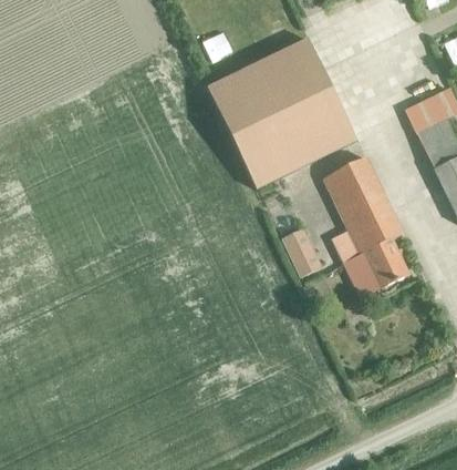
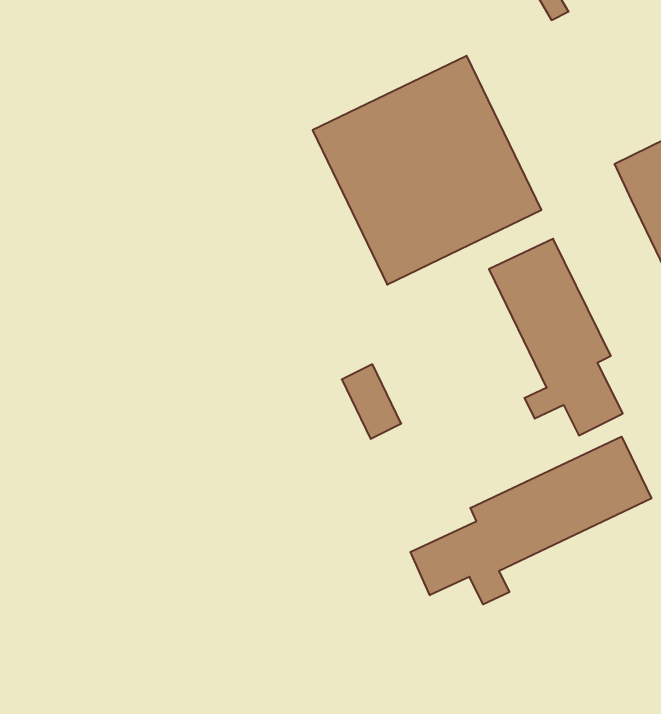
building: [282,227,321,276] -> [342,364,401,439]
building: none -> [410,437,651,604]

